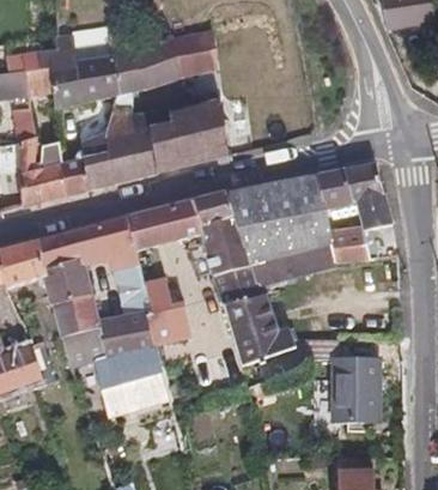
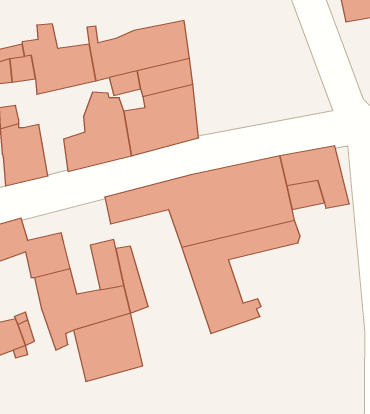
building: [61,132,107,195] -> none
building: [38,218,138,270] -> none
building: [329,224,373,260] -> none
building: [303,339,379,422] -> none

